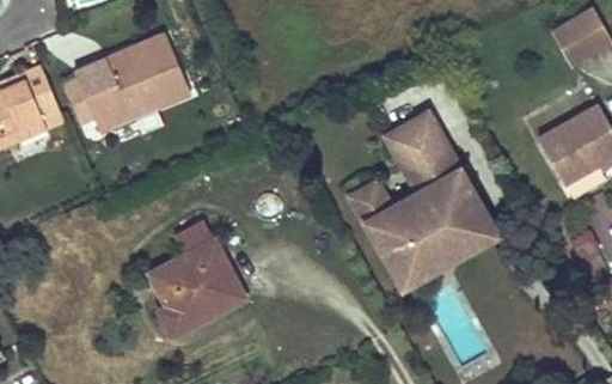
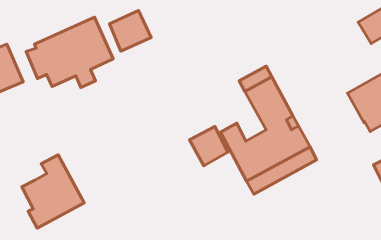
building: none -> [109,10,151,51]
building: none -> [189,126,228,166]
building: [152,226,244,334] -> [22,155,84,228]

